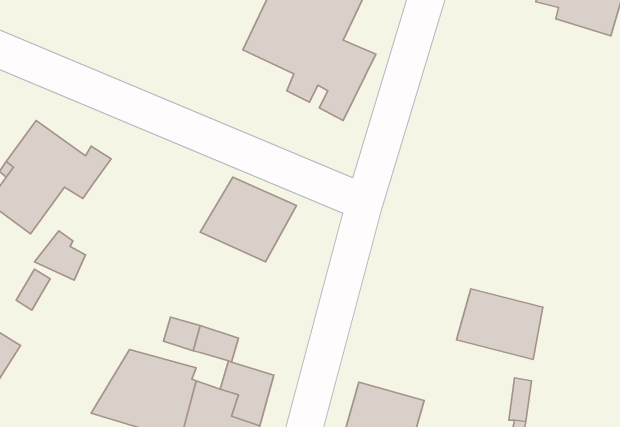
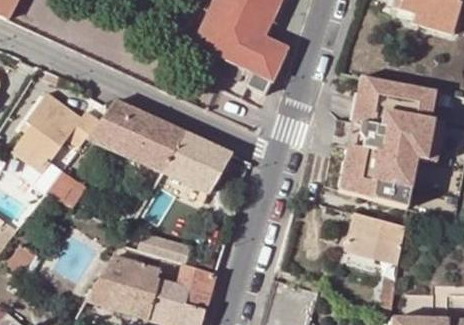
building: none -> [340,75,437,206]
building: none -> [87,101,186,172]

